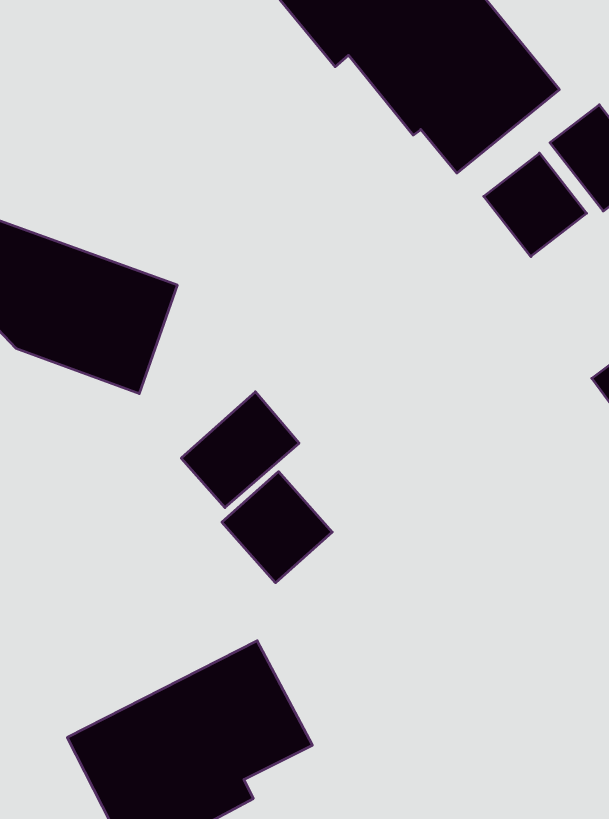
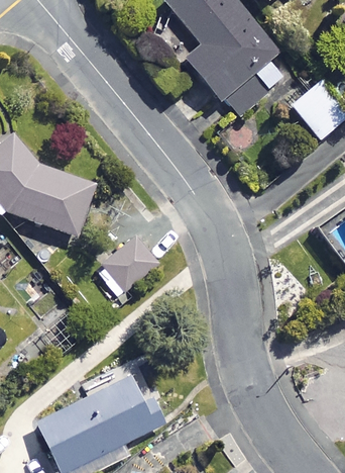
building: [484,153,587,257] -> none
building: [222,472,332,583] -> none

